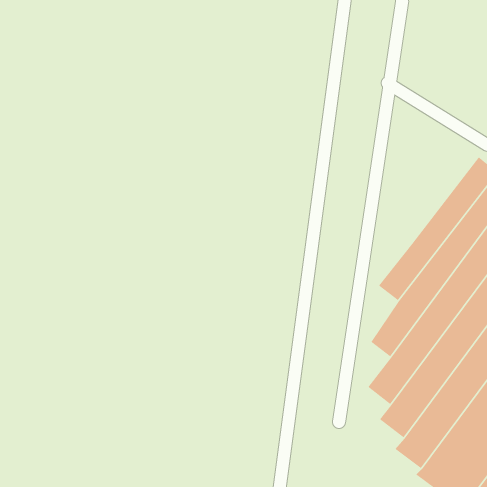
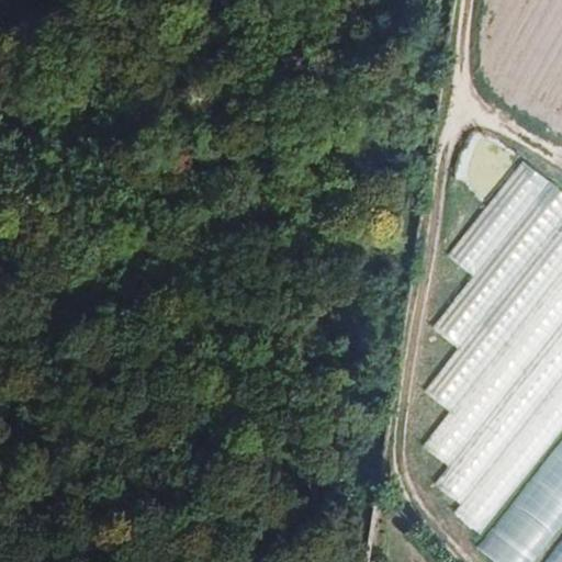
building: none -> [447,160,551,281]

